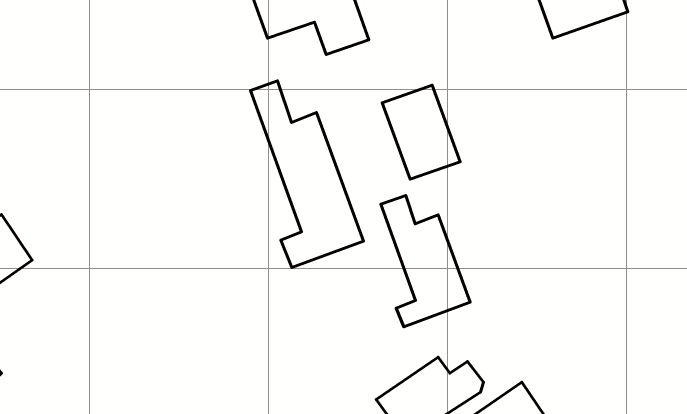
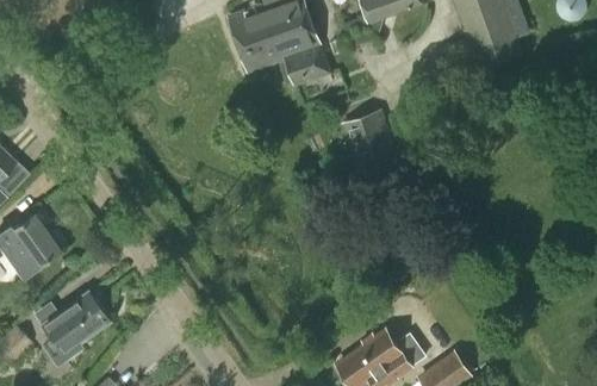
building: [251,81,364,268] -> none
building: [381,195,470,327] -> none
building: none -> [38,291,108,359]

